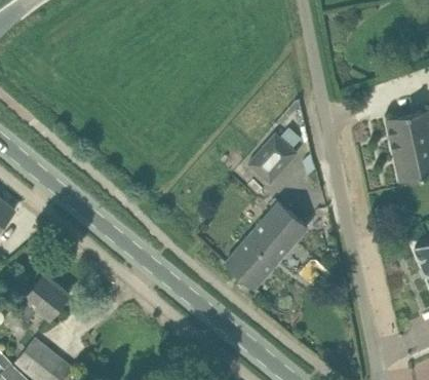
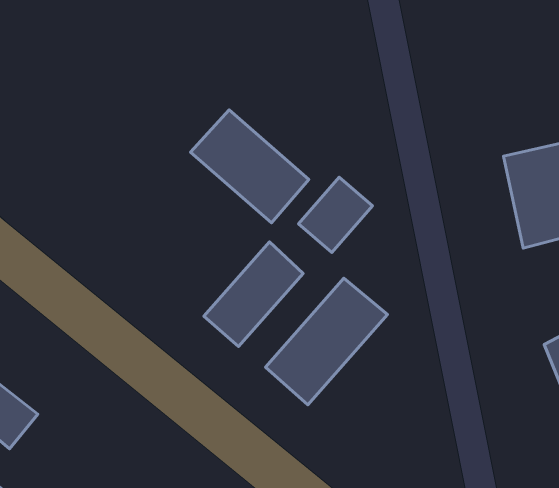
building: none -> [190,110,309,223]
building: none -> [204,242,303,346]

